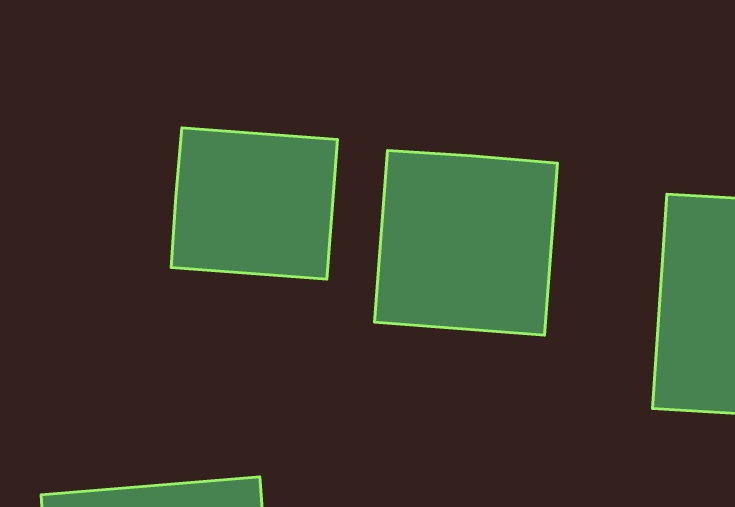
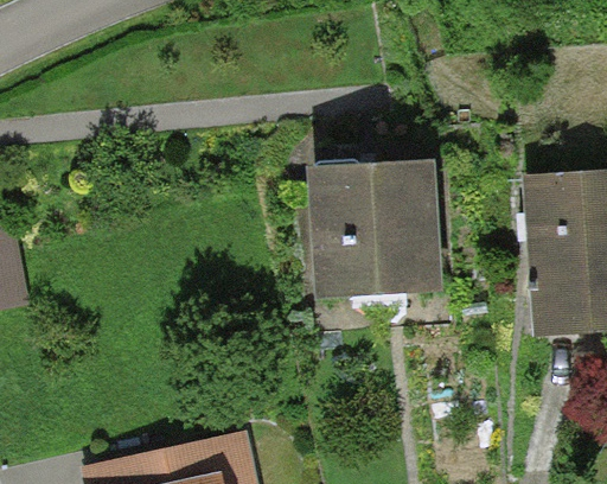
building: [171,128,337,279] -> none

